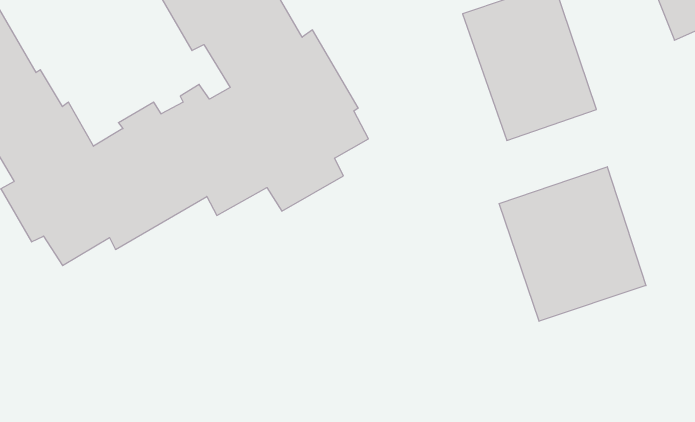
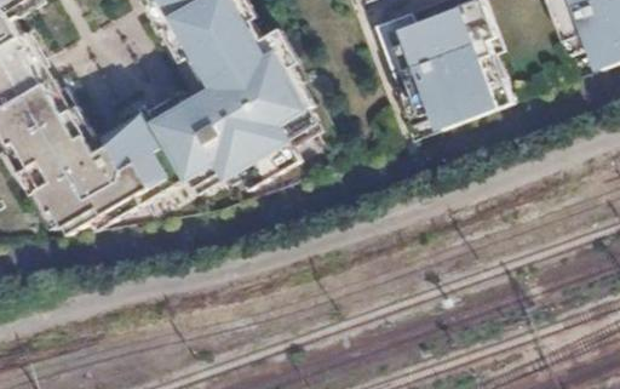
building: [499,167,646,321] -> none

